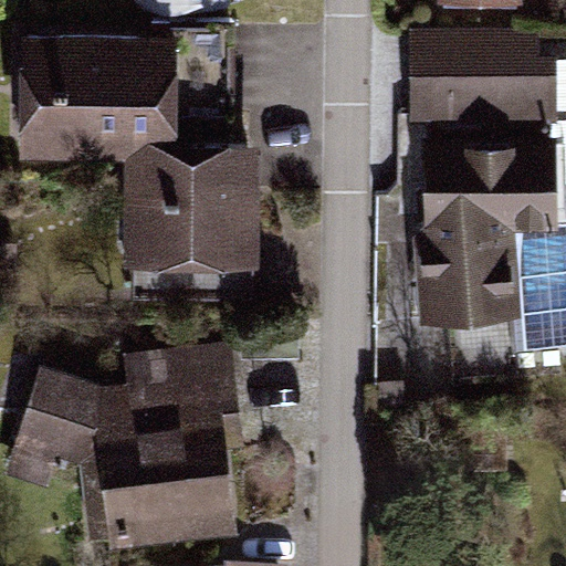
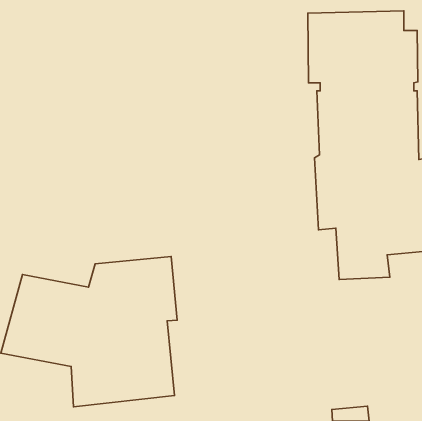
building: [20,45,180,151] -> none
building: [125,167,258,294] -> none

